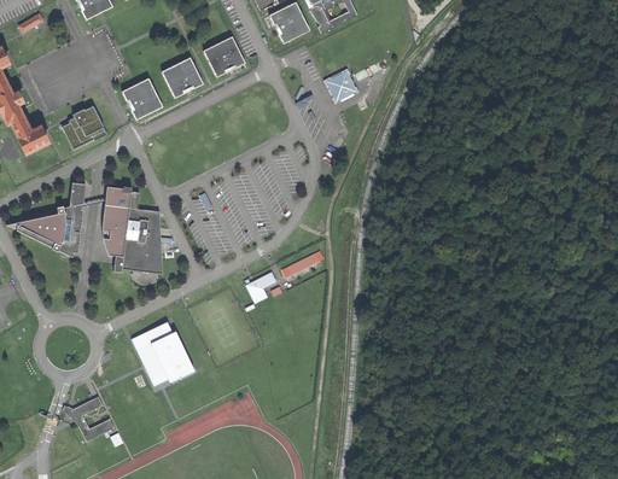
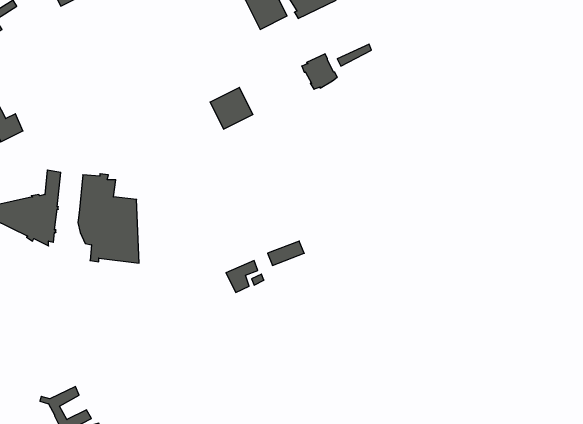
building: [202,35,244,76] -> [210,87,253,129]
building: [161,56,202,97] -> none
building: [121,77,162,118] -> none
building: [65,103,109,146] -> none
building: [135,320,198,384] -> none

